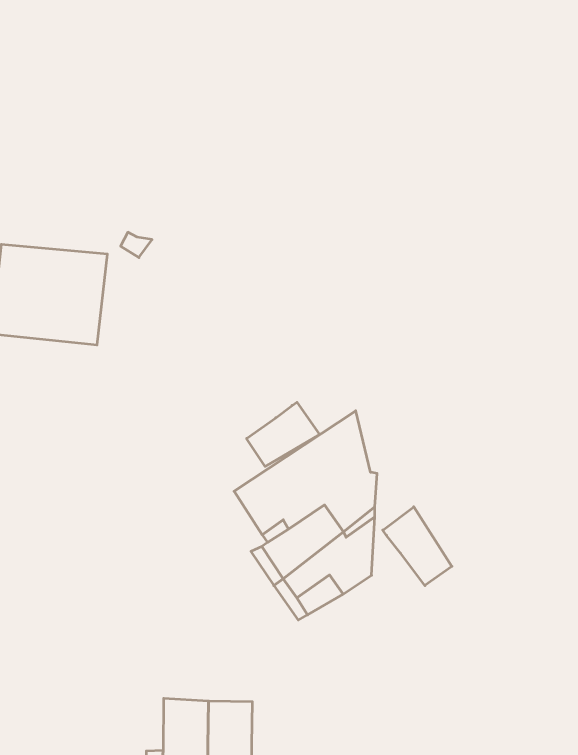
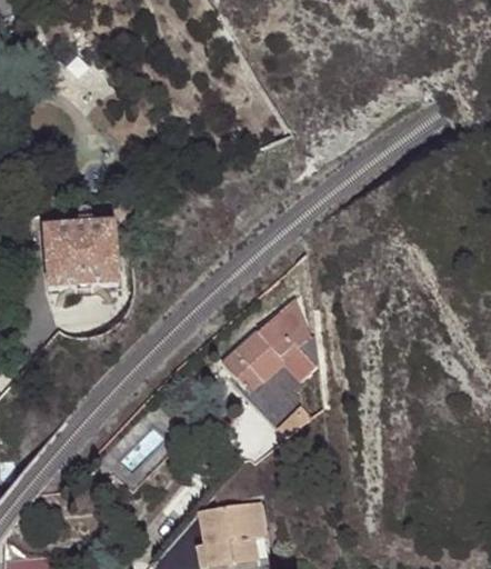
building: [247,402,320,466] -> none
building: [383,507,452,586] -> none

